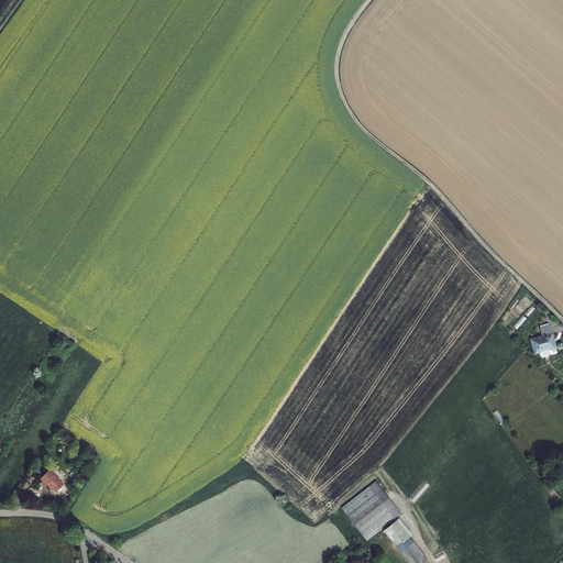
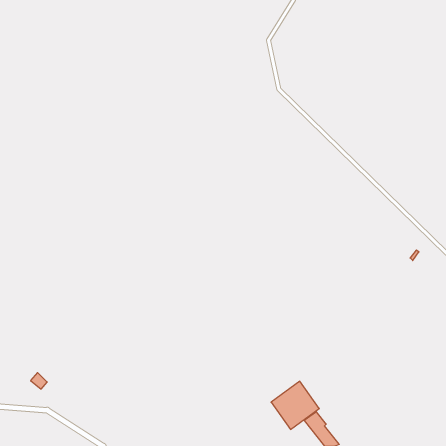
building: [529,324,555,355] -> none

